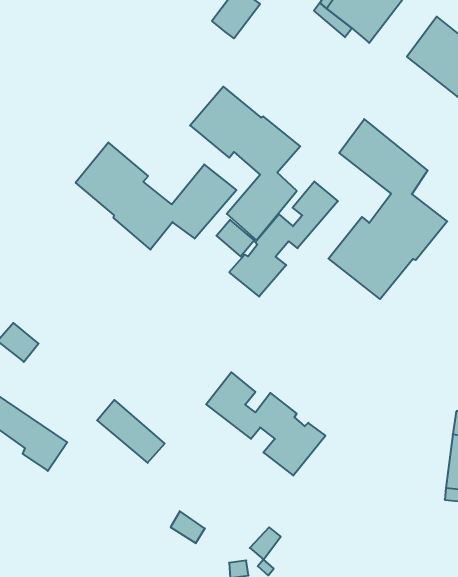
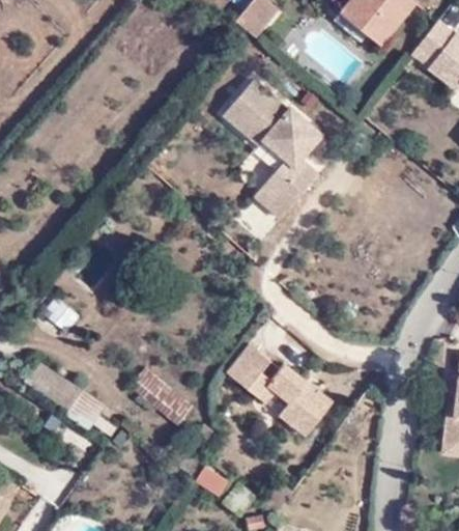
building: [328,119,447,299] -> none
building: [76,142,236,250] -> none
building: [229,181,338,297] -> none

